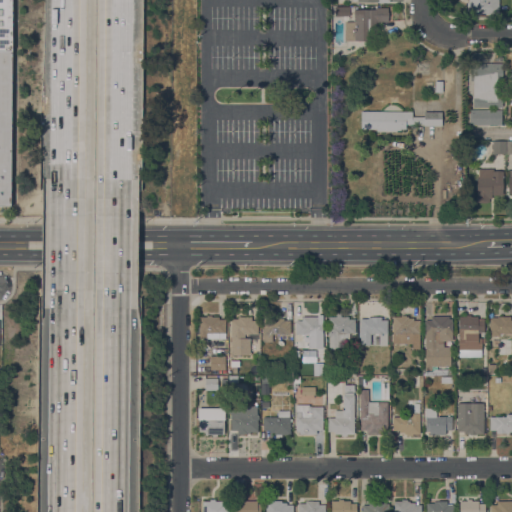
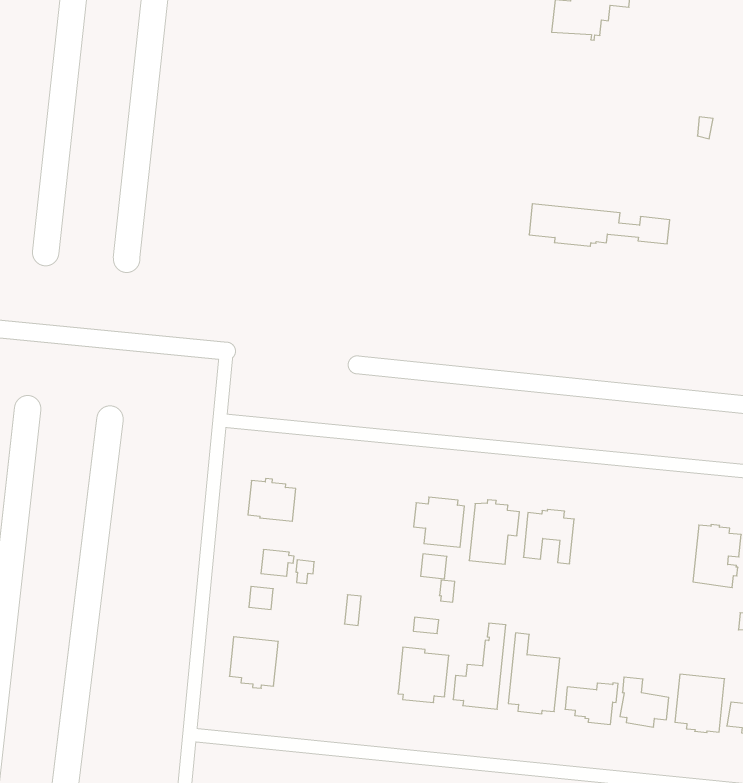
building: [361,112,441,133] -> [529,204,670,246]
building: [393,316,420,350] -> none
building: [231,317,258,356] -> none
building: [425,317,452,367] -> none
building: [263,319,290,342] -> none
building: [231,407,259,435] -> none
building: [263,412,292,438] -> none

